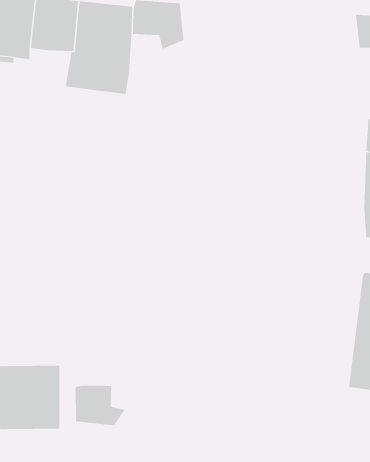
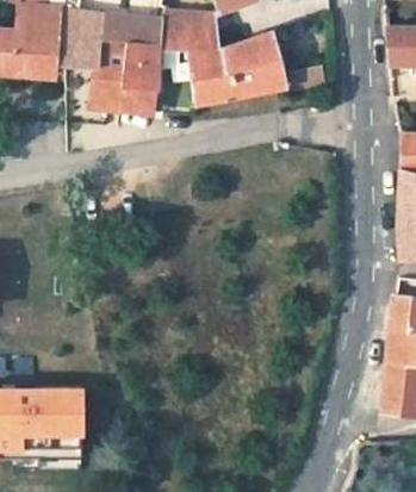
building: none -> [190,31,282,101]
building: [75,385,126,426] -> none

